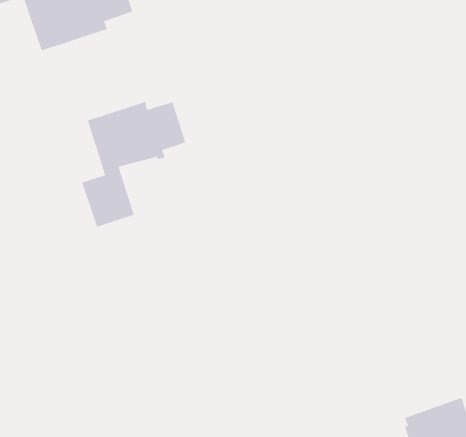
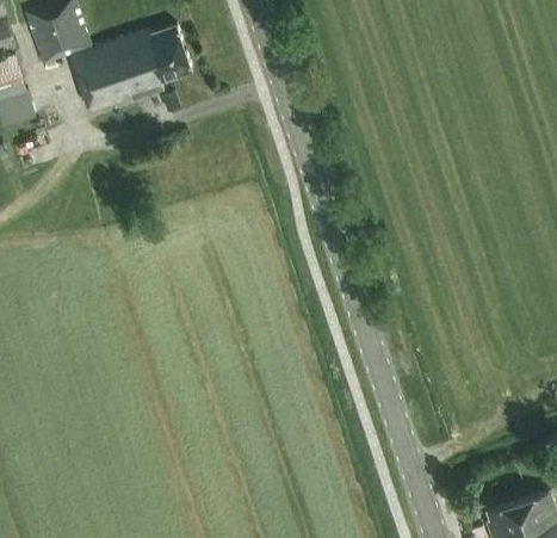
building: [81,101,186,227] -> none

